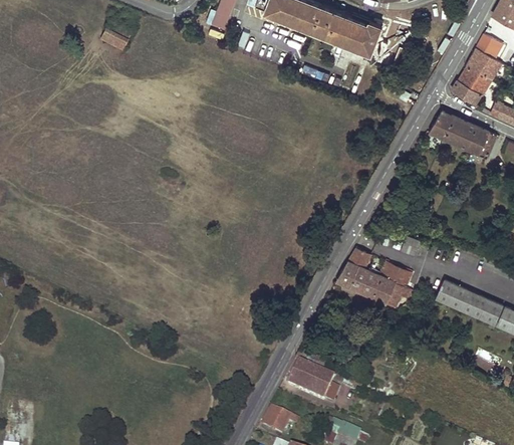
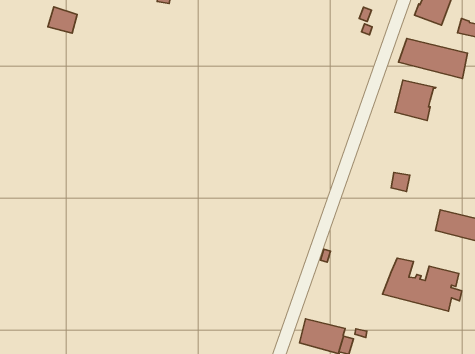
building: none -> [395,80,436,120]
building: [335,248,412,307] -> [382,258,462,311]

